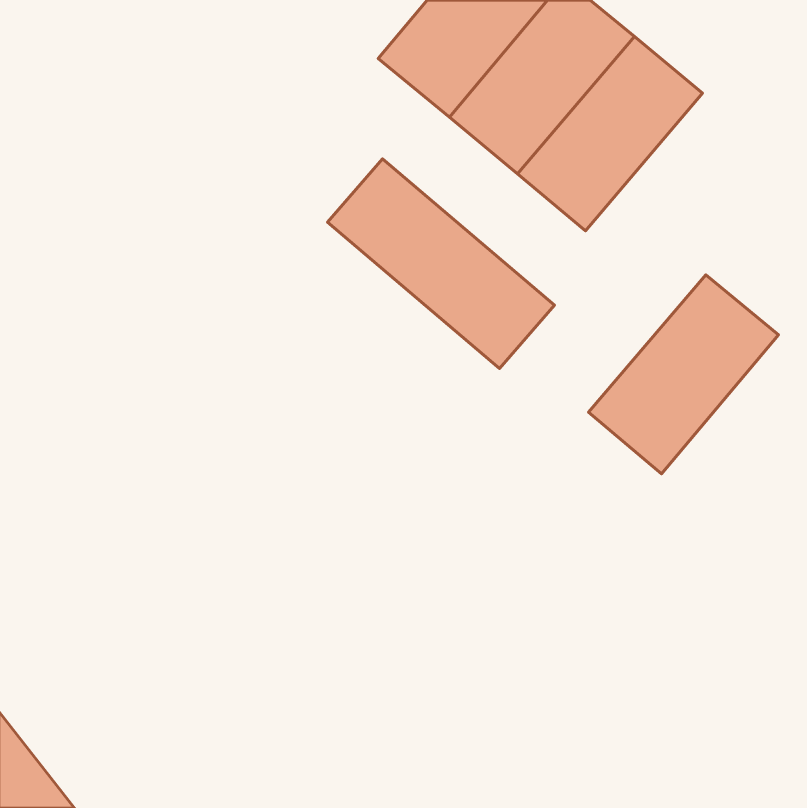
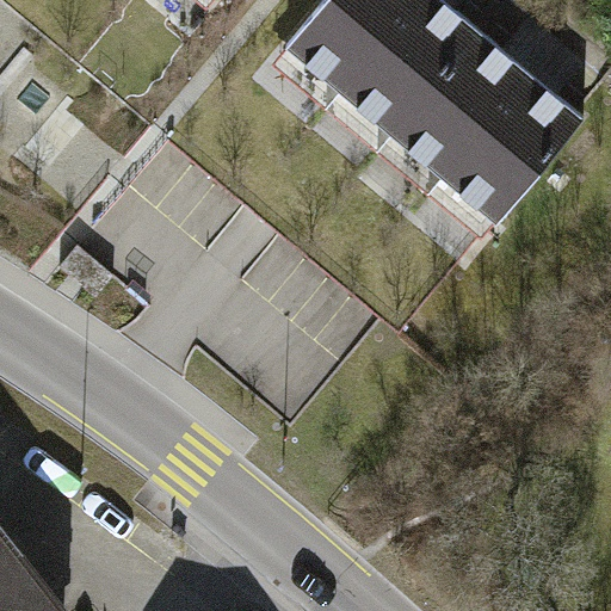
building: [327,159,554,368] -> none
building: [589,275,779,474] -> [442,70,585,221]

